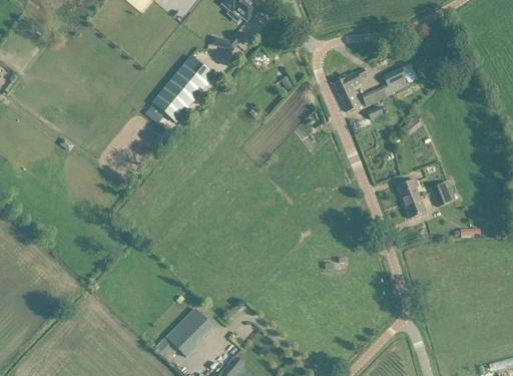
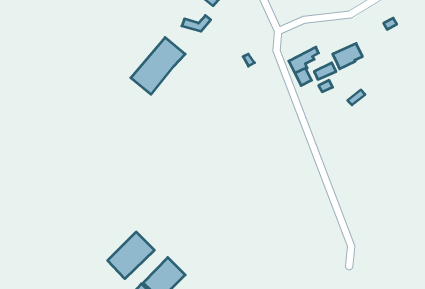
building: [396,179,424,218] -> none
building: [430,180,455,207] -> none
building: none -> [108,232,154,279]

